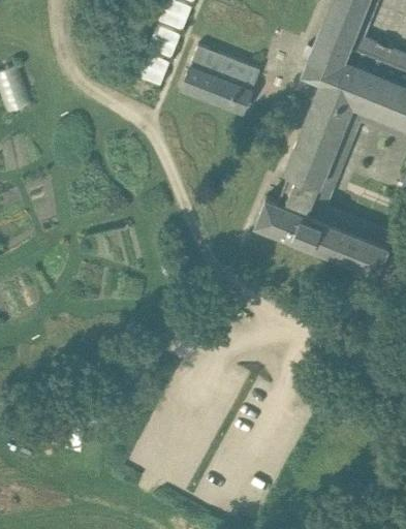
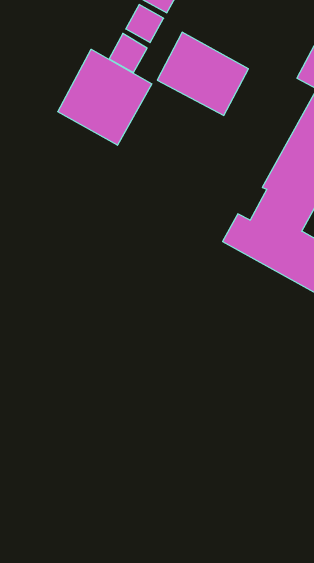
building: none -> [58,49,152,145]

